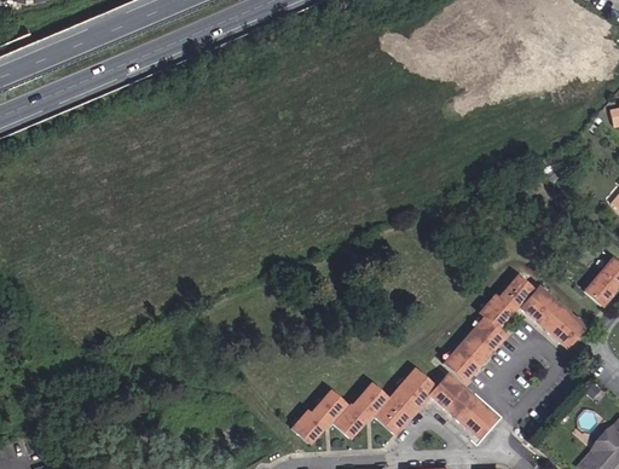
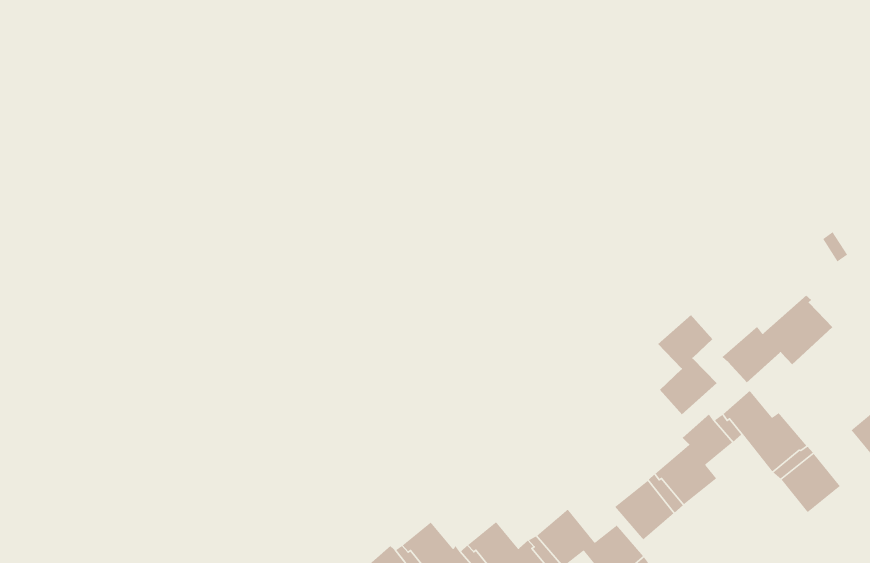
building: none -> [721,295,833,383]
building: none -> [657,314,717,415]

